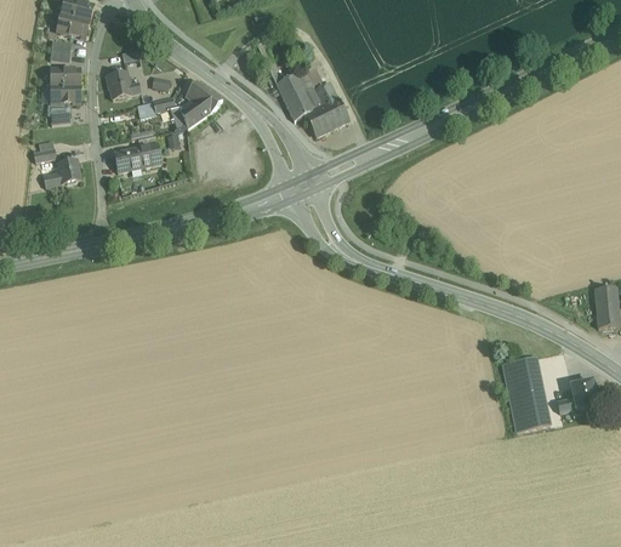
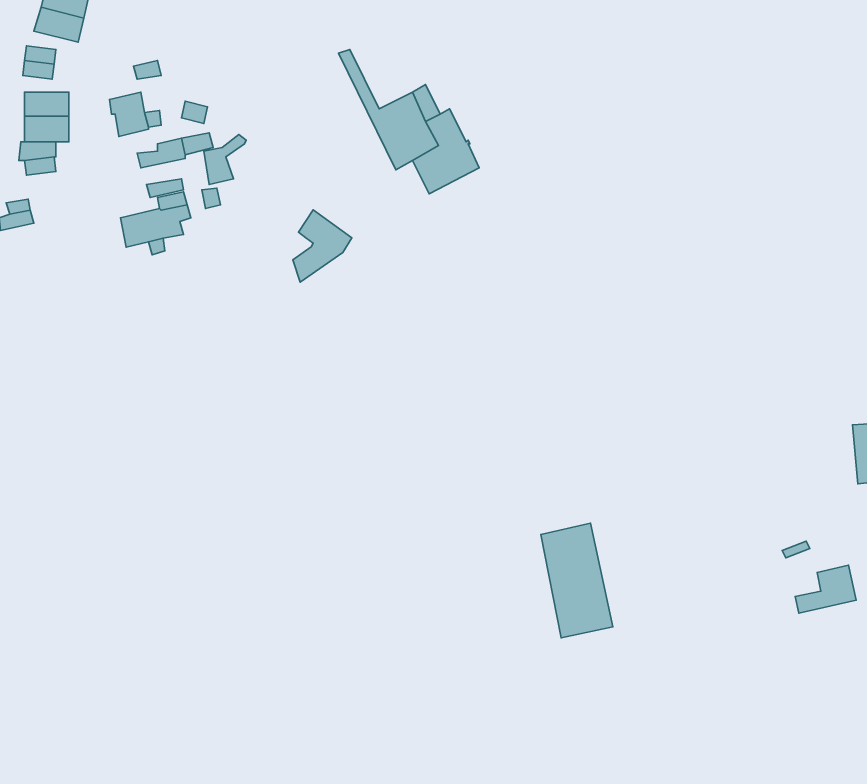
building: [183,80,222,127] -> [293,210,352,282]
building: [44,159,81,187] -> none
building: [502,357,549,432] -> [541,523,613,638]

